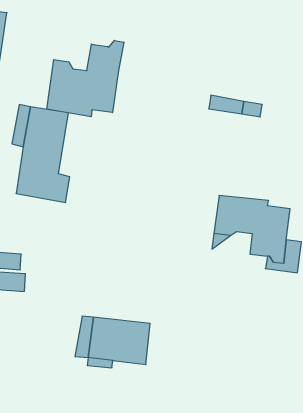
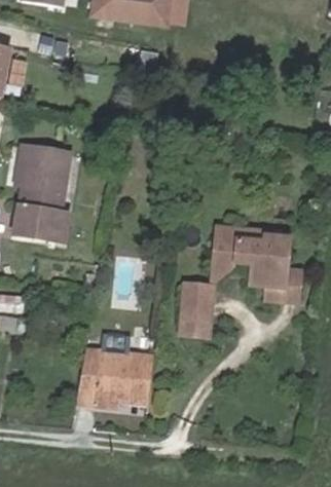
building: [47,40,124,117] -> none
building: none -> [179,288,213,341]

